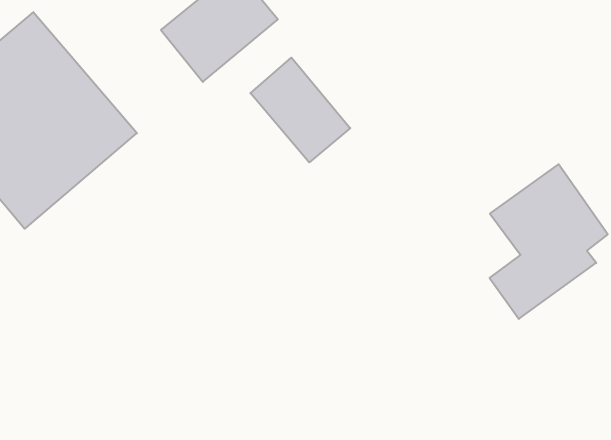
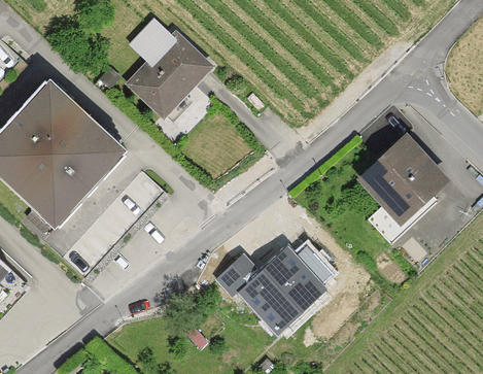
building: [250,58,350,162] -> none
building: none -> [219,244,334,330]

